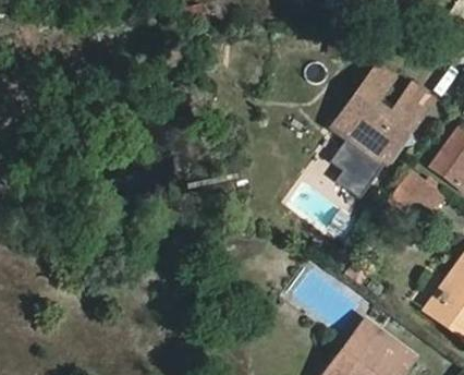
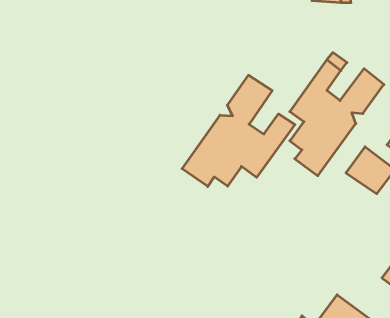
building: none -> [182,75,295,187]

